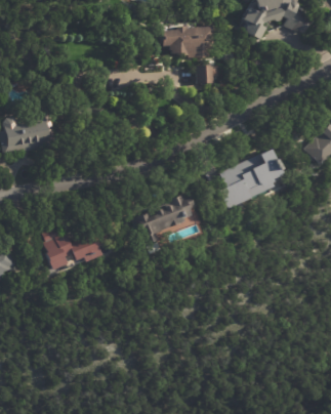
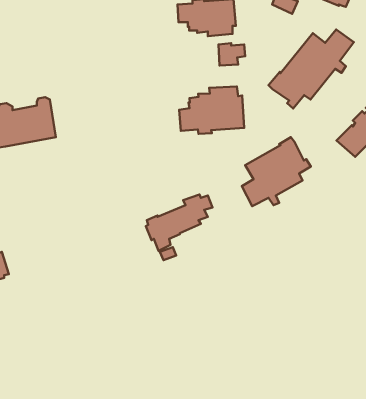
building: none -> [269,30,354,109]
building: none -> [179,87,244,134]
building: [46,229,106,271] -> none

